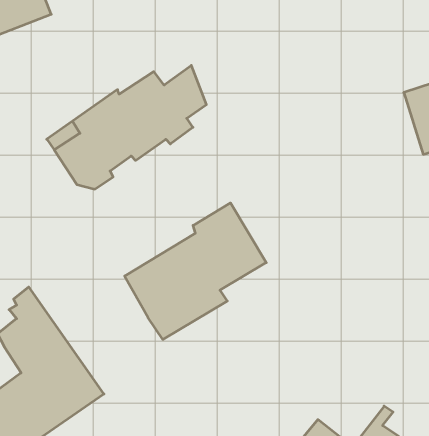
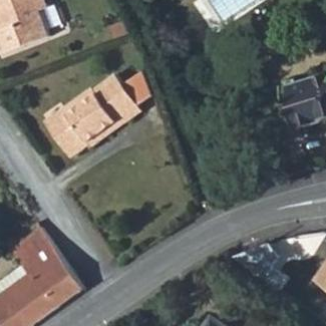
building: [125,203,266,339] -> none

